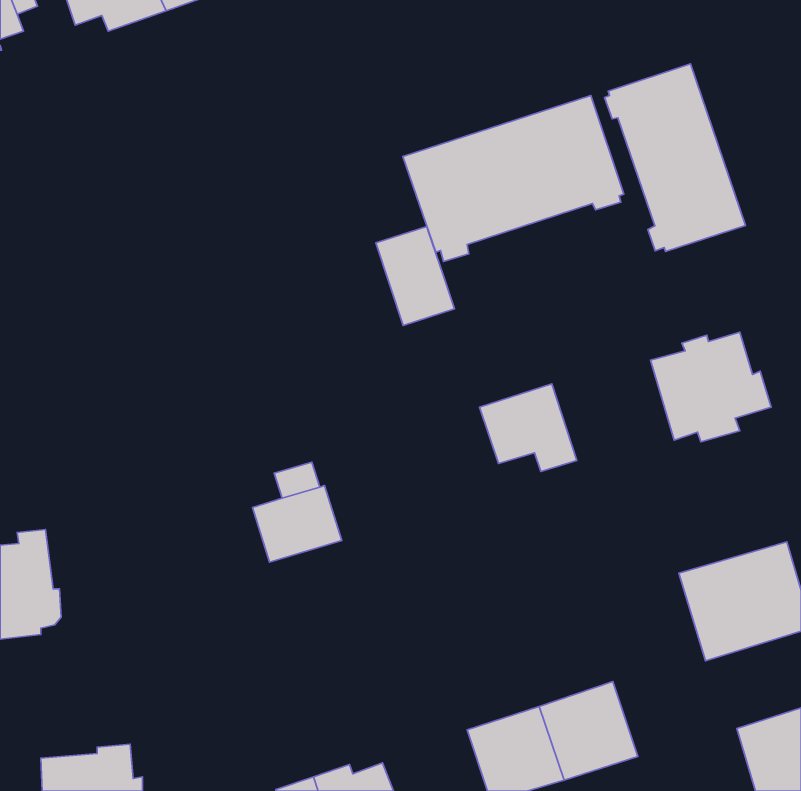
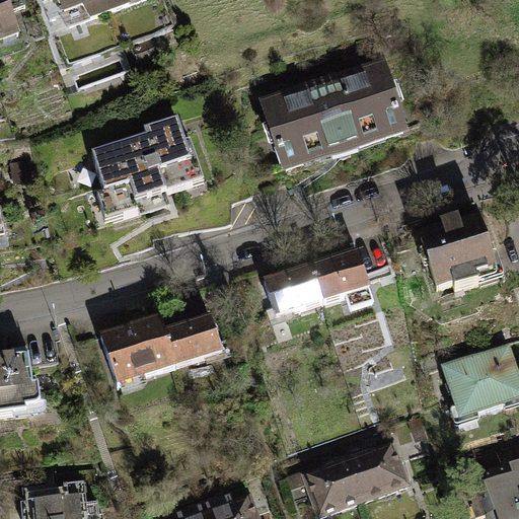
building: [605,64,746,251] -> none
building: none -> [93,115,205,218]
building: [376,227,454,325] -> none
building: none -> [265,264,322,315]
building: none -> [103,314,174,381]

